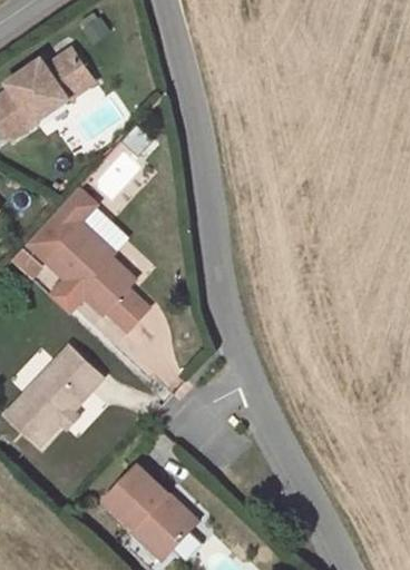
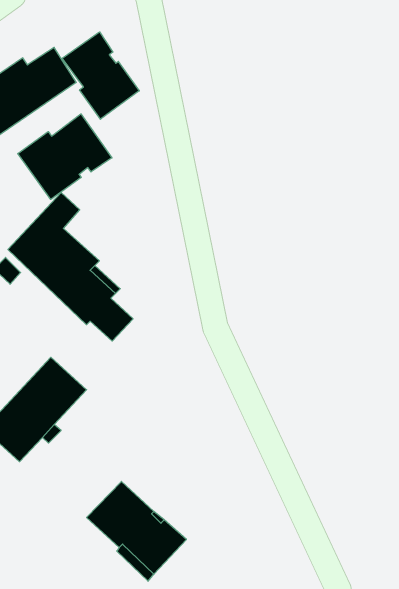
building: none -> [62,32,139,119]
building: none -> [18,114,112,199]

